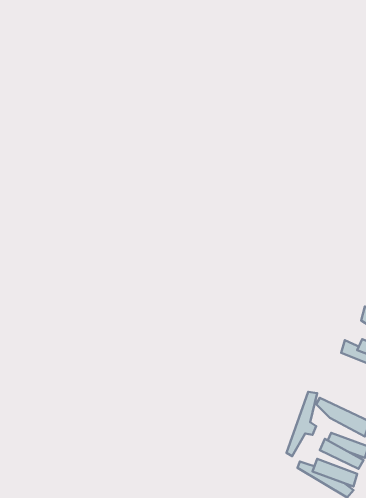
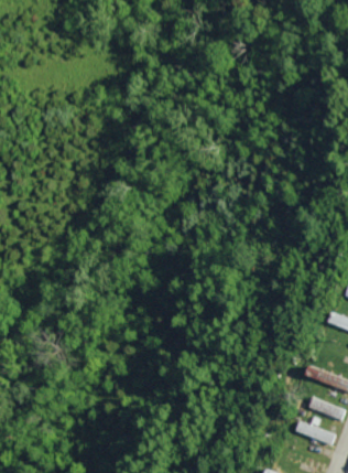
building: [287,392,317,456] -> none

